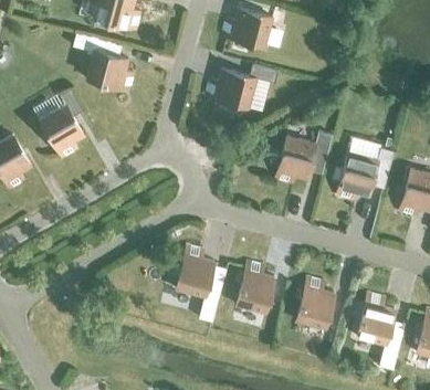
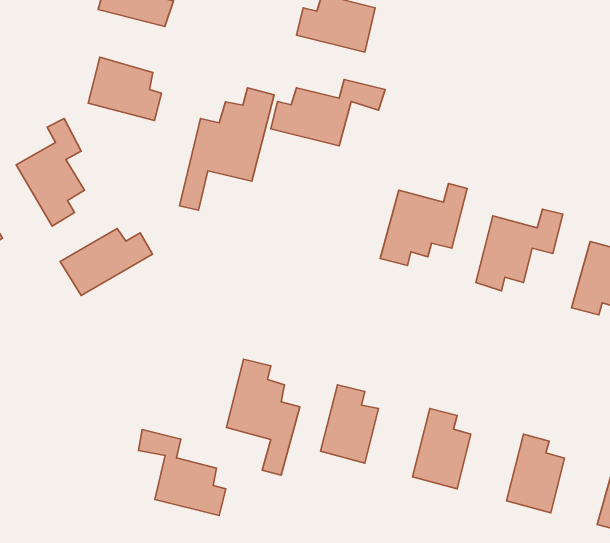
building: none -> [180,88,274,210]
building: none -> [60,228,152,295]
building: none -> [138,429,226,516]

